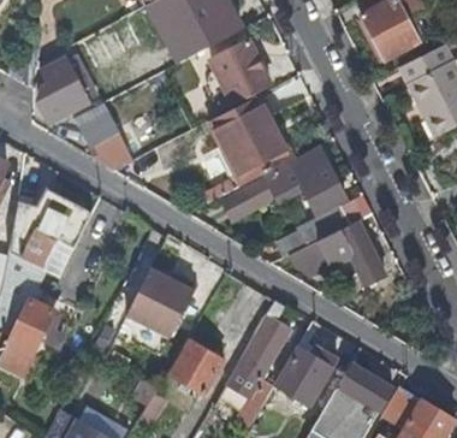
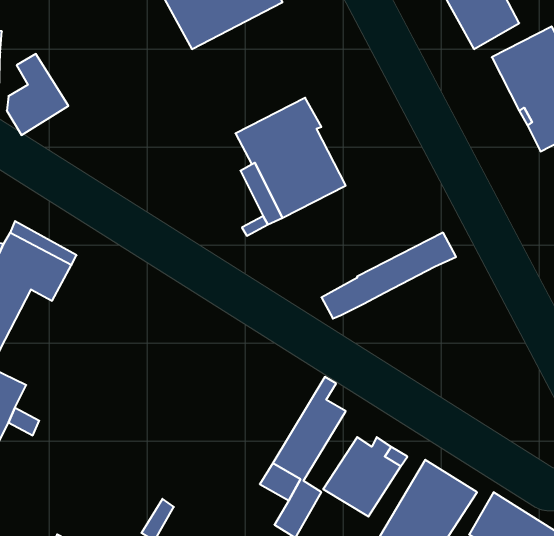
building: [210,42,269,102] -> none
building: [72,105,121,167] -> none
building: [222,150,344,220] -> none
building: [287,221,385,286] -> none
building: [126,271,195,337] -> none
building: [171,342,221,395] -> none

